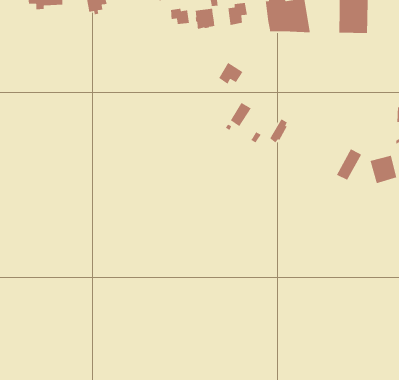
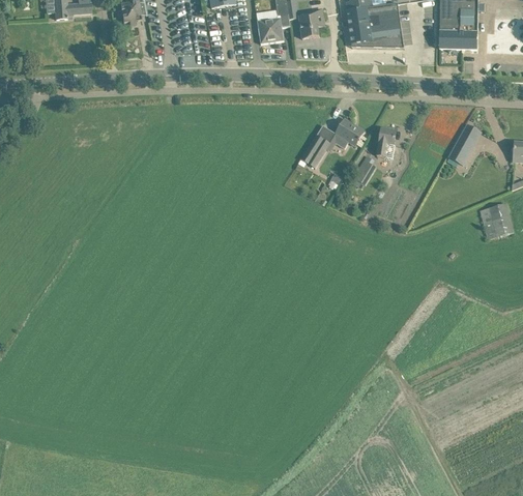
building: [170,8,190,25] -> none
building: [218,62,243,85] -> [331,117,364,146]
building: none -> [376,126,396,156]
building: [336,148,362,181] -> [447,122,481,164]

